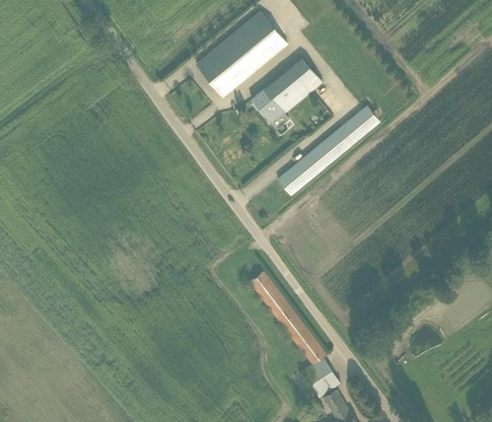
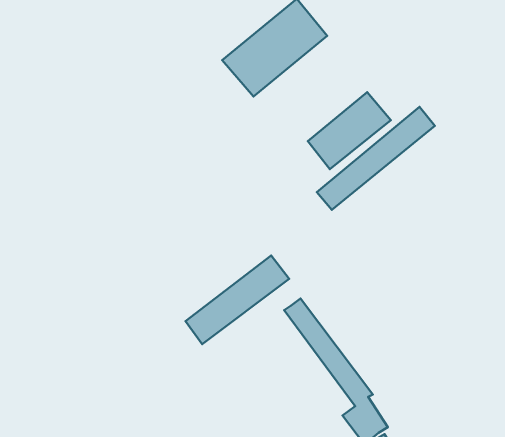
building: [252,56,324,123] -> [308,92,391,169]
building: none -> [185,255,289,344]

